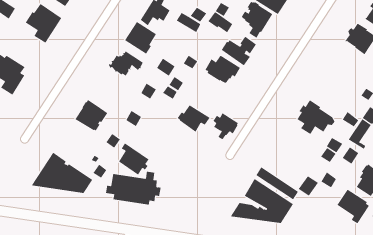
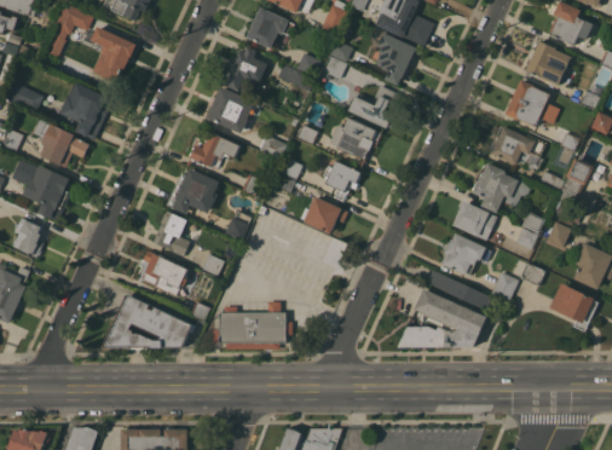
building: none -> [33,120,90,168]
building: none -> [504,80,560,126]
building: none -> [167,168,227,213]
building: none -> [491,126,545,167]
building: [212,112,239,140] -> [323,161,362,201]
building: none -> [452,201,497,241]
building: [118,142,149,176] -> [143,250,187,295]
building: none -> [441,232,491,276]

